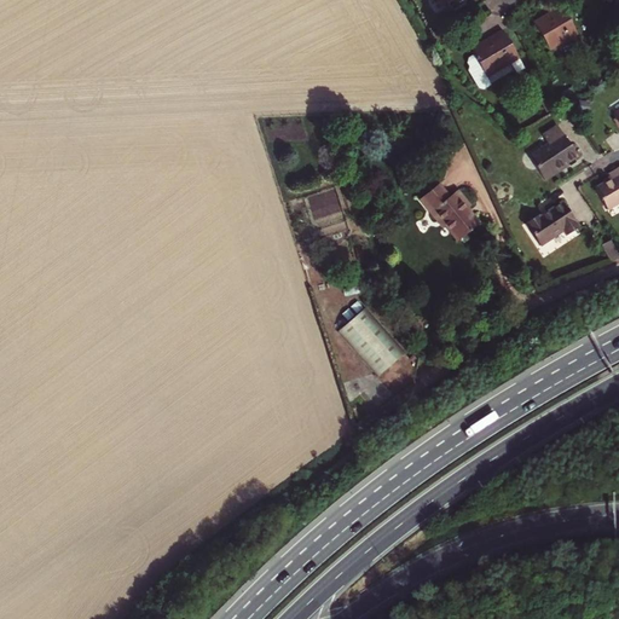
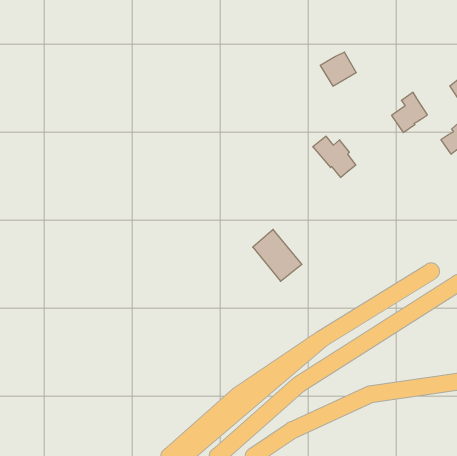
building: [533,5,577,48] -> none
building: [470,30,519,76] -> [320,52,356,86]
building: [525,199,580,248] -> none

